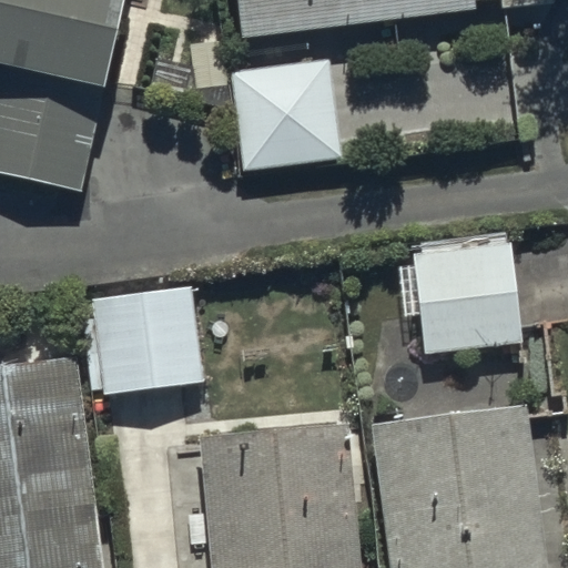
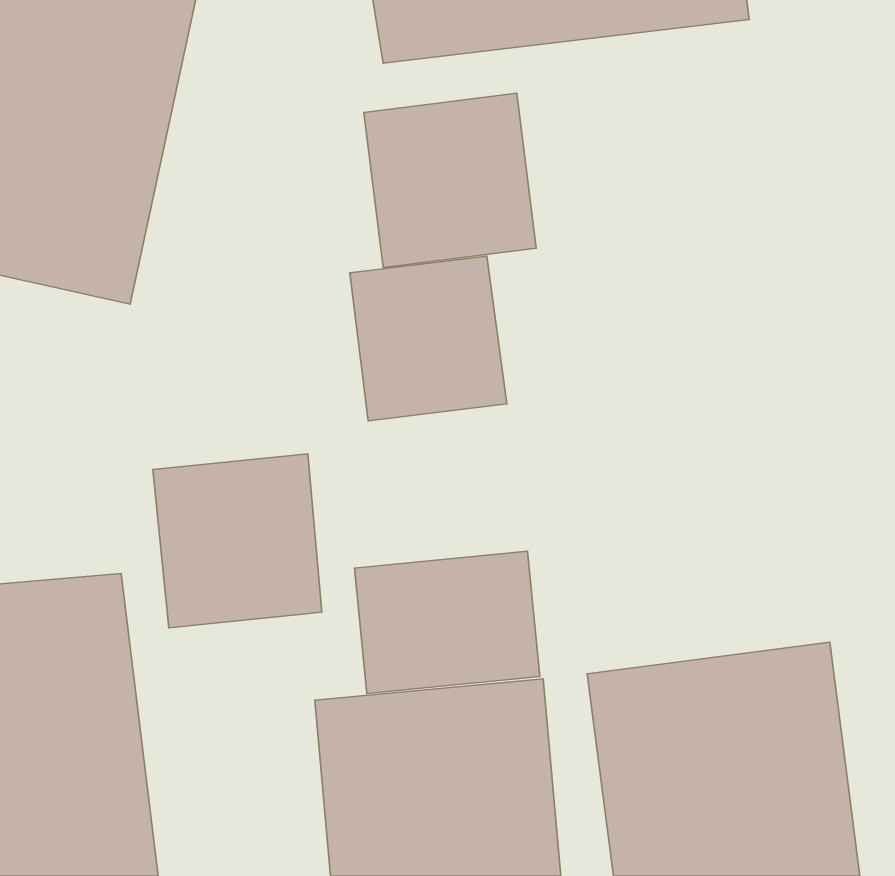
building: none -> [350,256,507,421]
building: [396,241,519,351] -> none
building: none -> [354,551,540,694]

